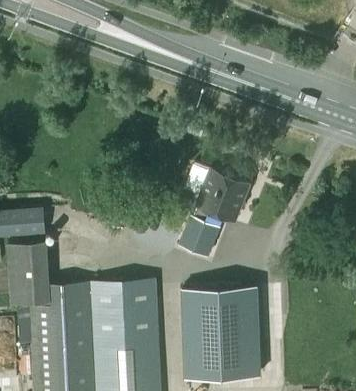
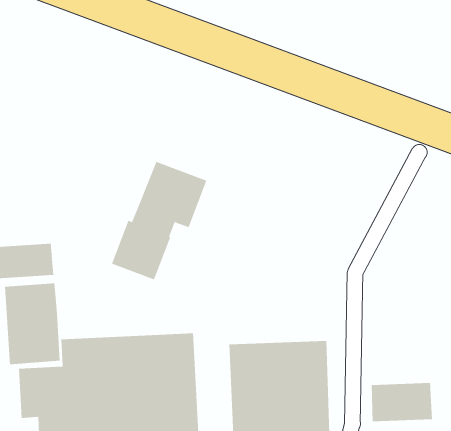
building: [174,170,249,263] -> [111,161,207,280]
building: none -> [371,382,433,422]

